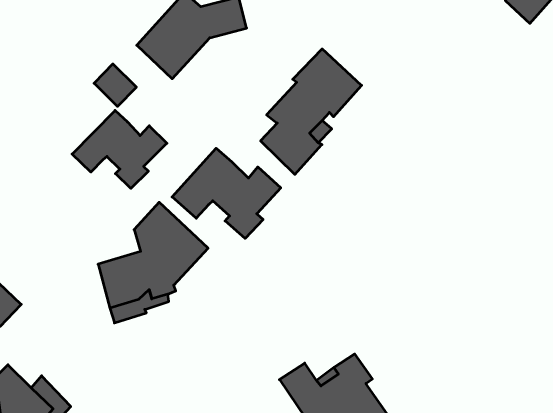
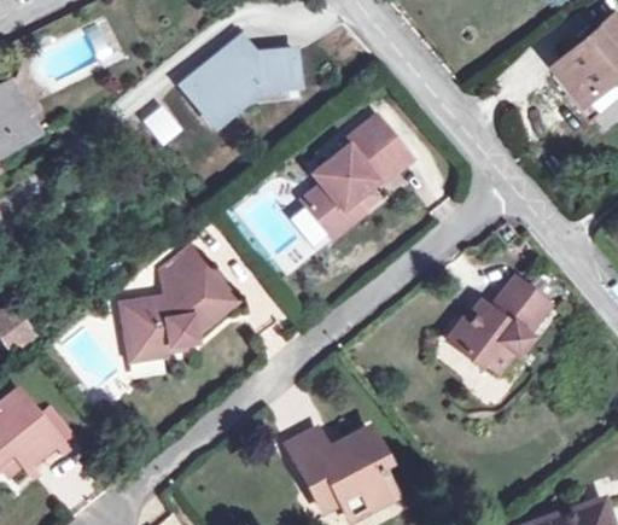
building: [72,110,167,188] -> none
building: [172,148,281,238] -> none
building: none -> [448,275,549,371]

